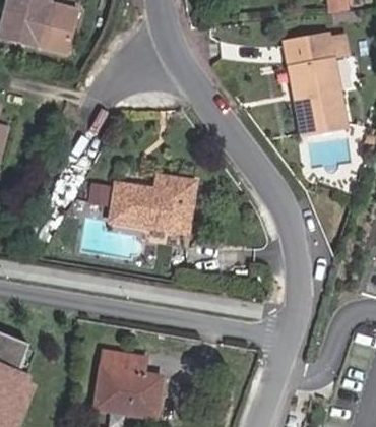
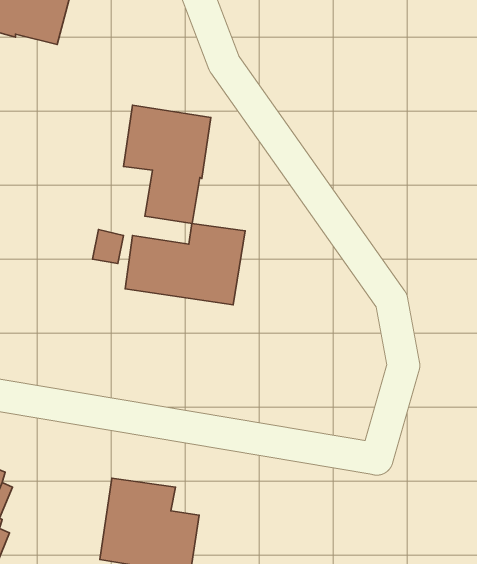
building: [286,35,346,134] -> none
building: none -> [123,105,211,223]

